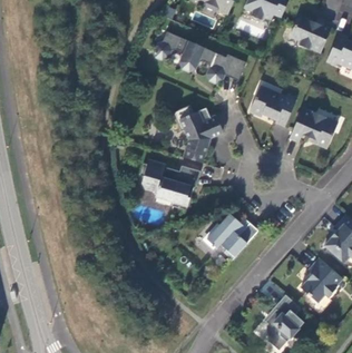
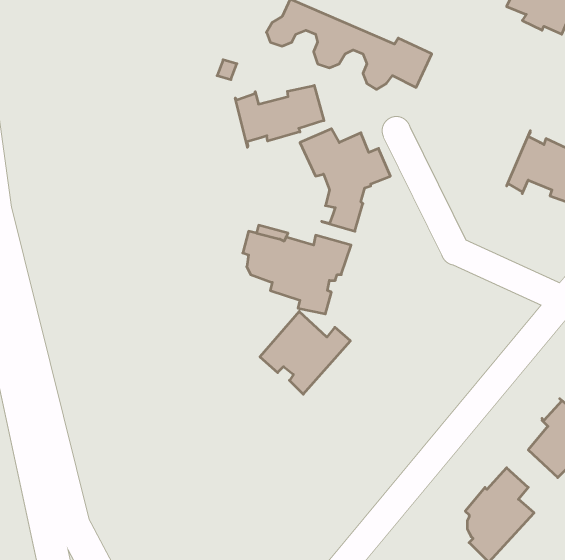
building: none -> [235,85,324,147]
building: [248,89,295,126] -> none
building: [207,213,258,259] -> [260,311,350,394]

